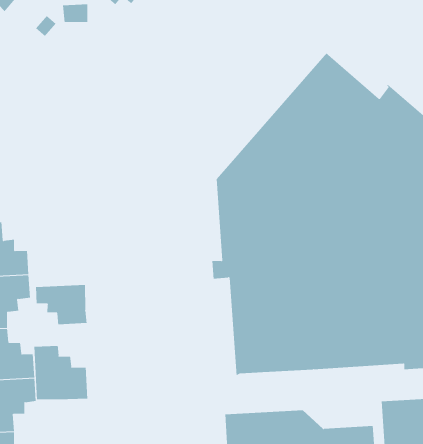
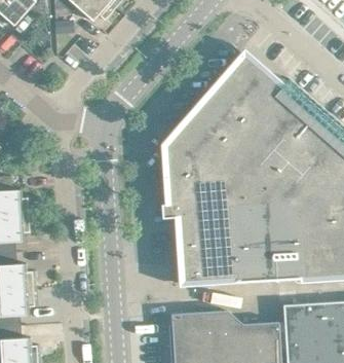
building: [36,284,87,325] -> none
building: [34,345,88,400] -> none

